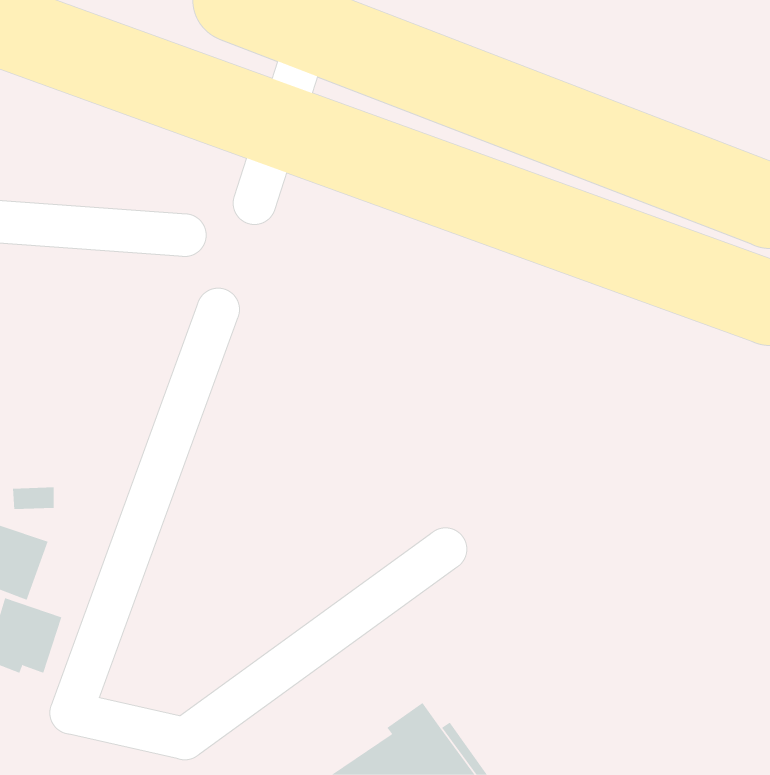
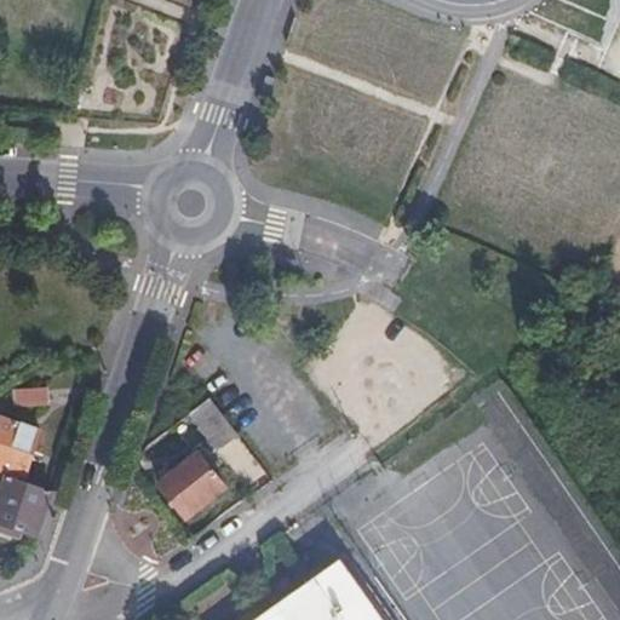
building: none -> [185,400,235,452]
building: none -> [155,454,223,521]

